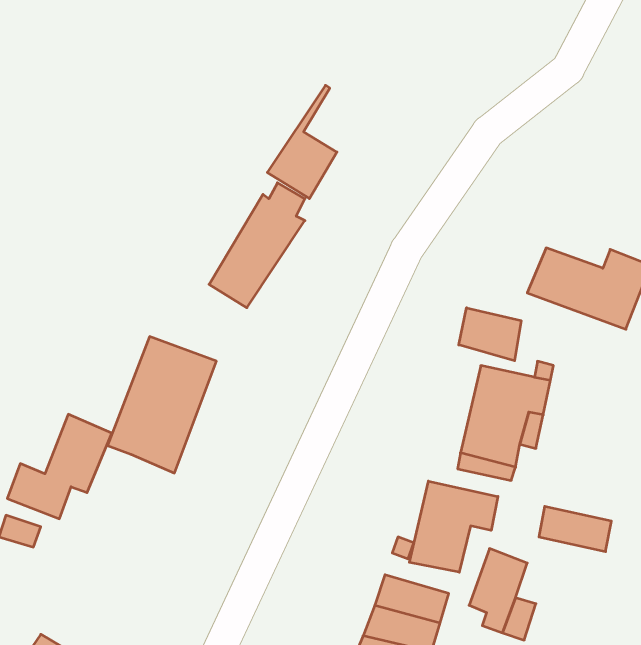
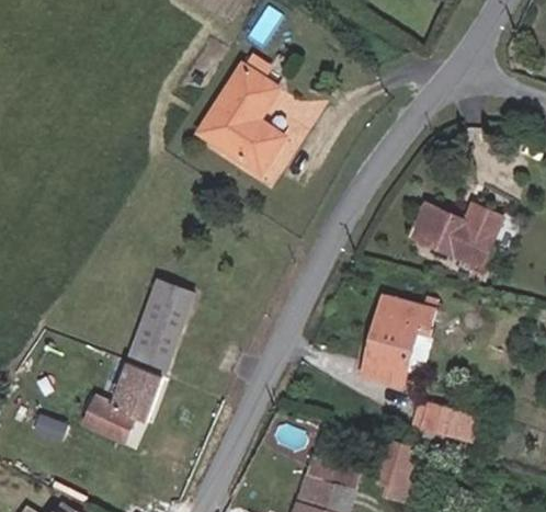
building: [209,183,305,308] -> [196,59,269,153]
building: [459,308,521,361] -> none
building: [7,414,112,519] -> [76,366,155,445]
building: [409,481,498,572] -> none

